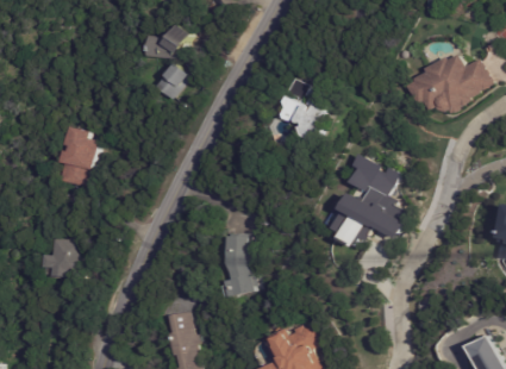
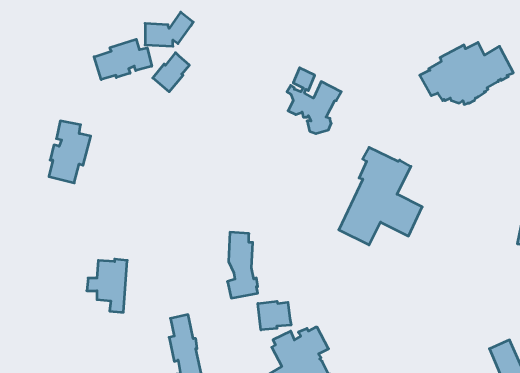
building: none -> [94,39,152,80]
building: [39,236,77,286] -> [87,259,127,312]
building: none -> [258,301,291,330]

